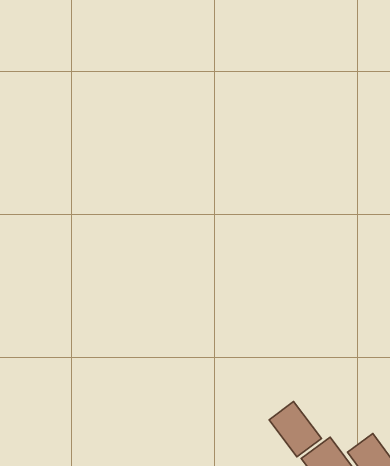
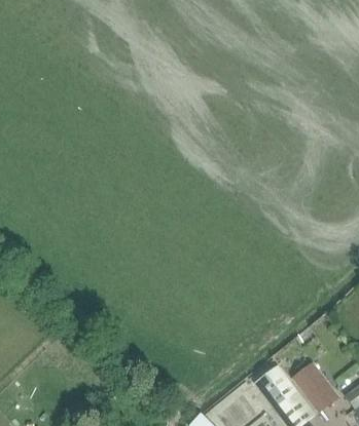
building: [269,402,321,457] -> none

